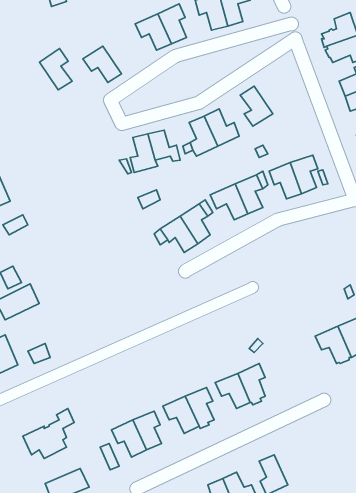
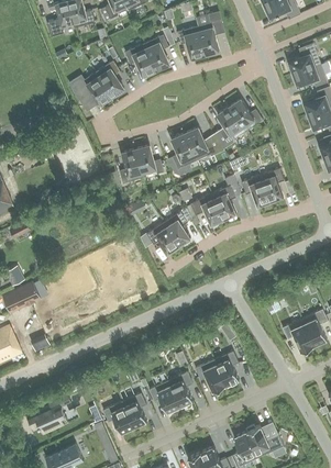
building: [40,49,72,90] -> [96,60,124,97]
building: none -> [229,99,263,132]
building: none -> [246,425,284,458]

